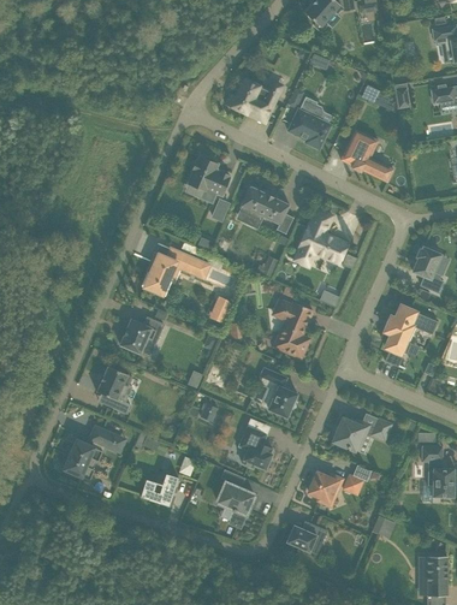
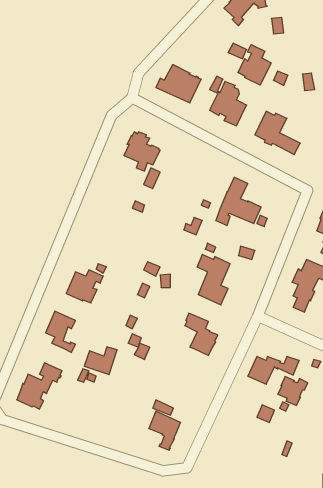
building: none -> [238,45,271,85]
building: [239,185,293,232] -> none
building: [141,248,209,295] -> none
building: [237,425,272,468] -> none
building: [308,470,343,504] -> [278,376,308,405]
building: [140,473,178,505] -> [84,347,117,375]
building: [286,522,327,553] -> none

